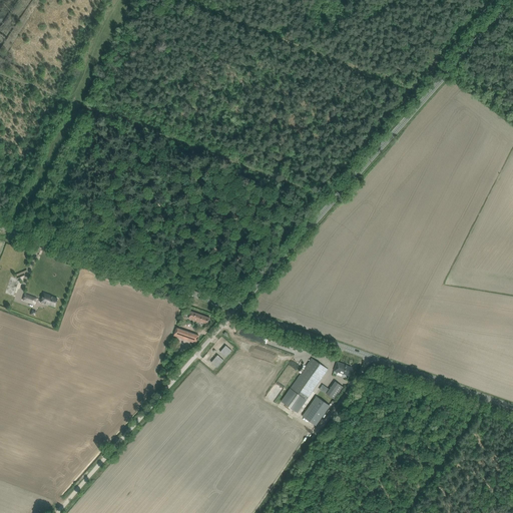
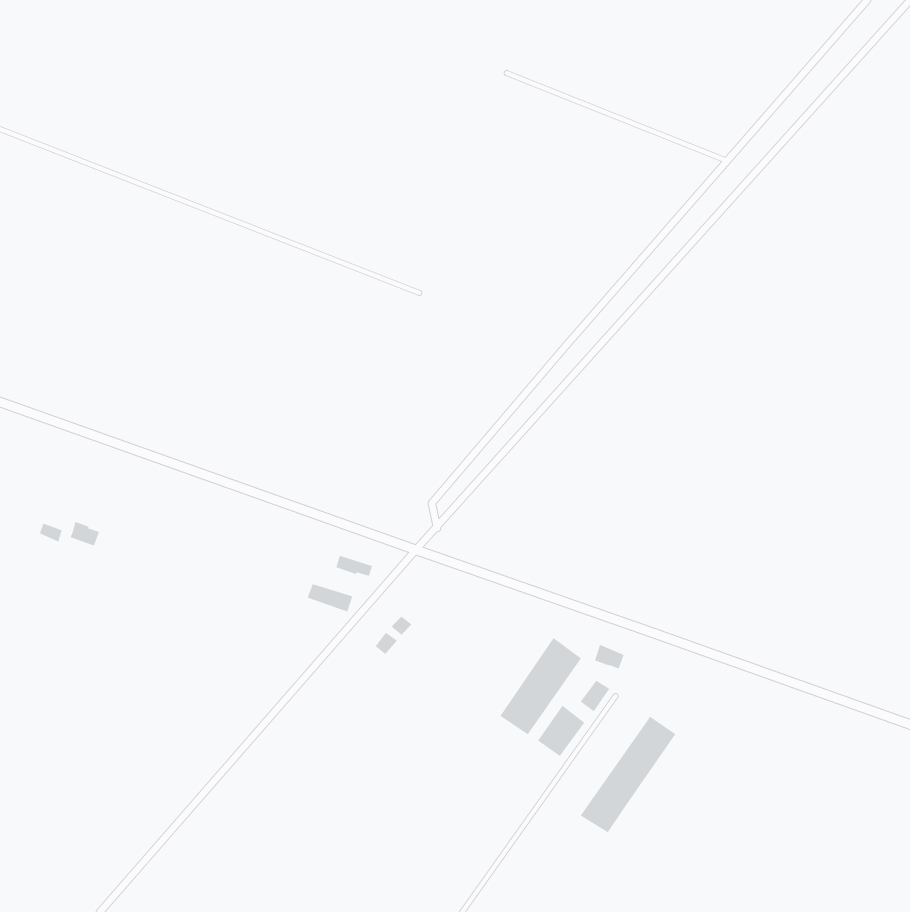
building: none -> [580,716,676,833]

